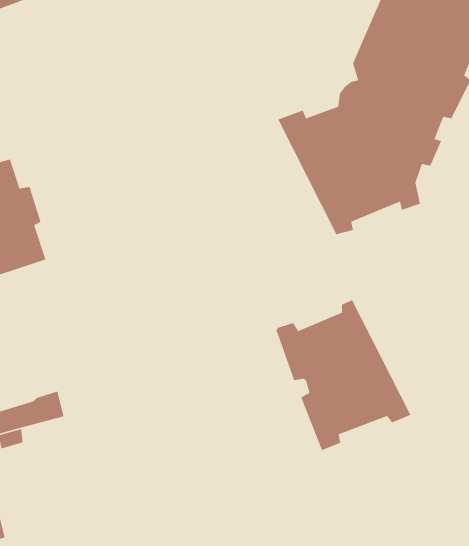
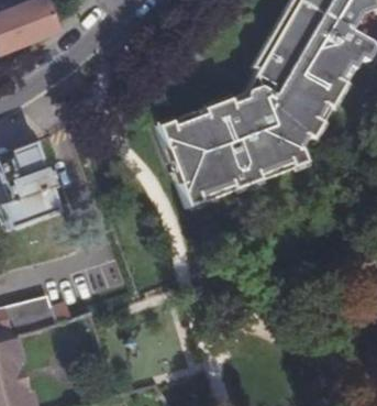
building: [276,299,411,451] -> [164,110,255,212]

